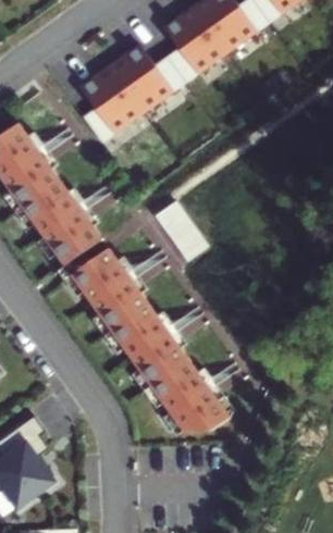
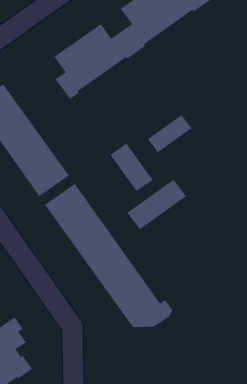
building: none -> [147,114,192,153]
building: none -> [126,179,187,230]

